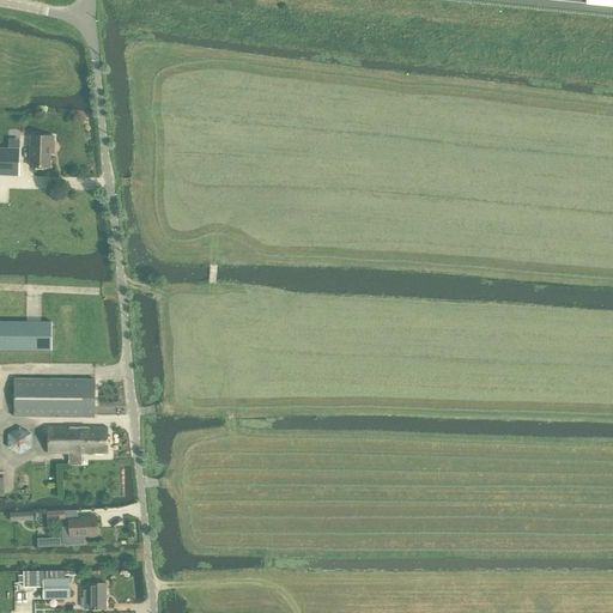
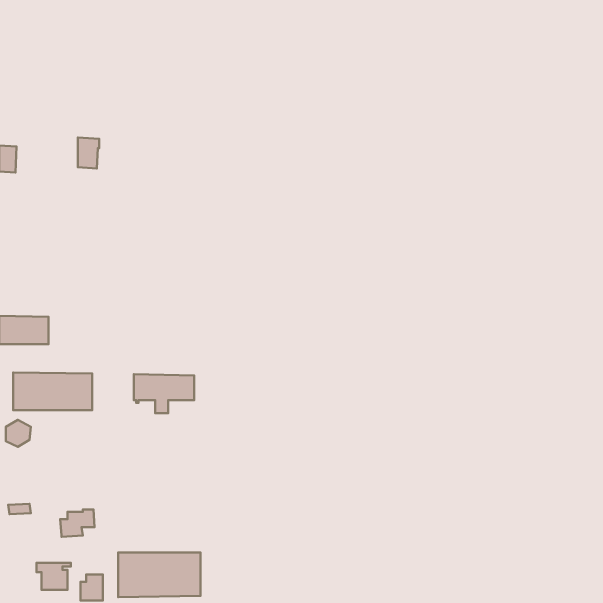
building: [30,135,51,166] -> [78,138,99,168]
building: [45,425,107,465] -> [134,374,194,413]
building: none -> [118,553,200,597]

